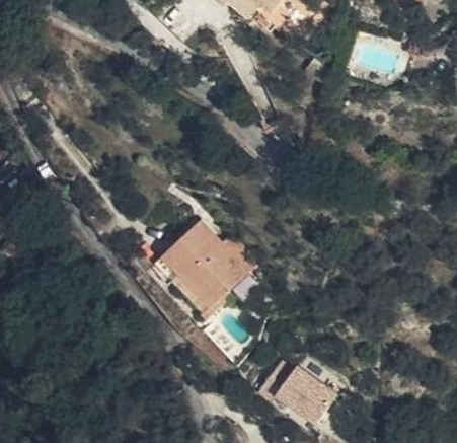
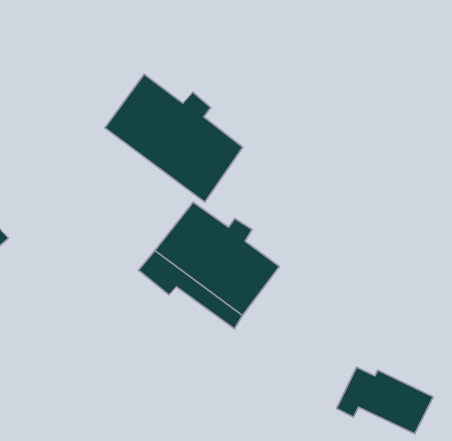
building: none -> [105,74,243,202]

